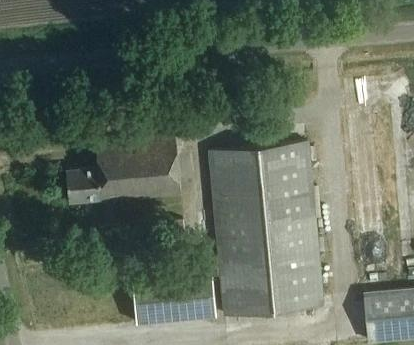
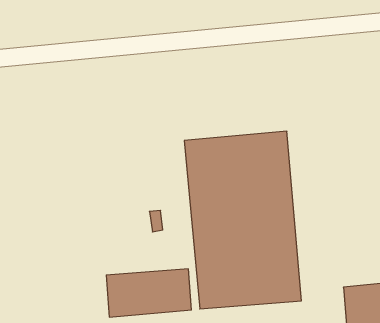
building: [70,135,184,204] -> none

